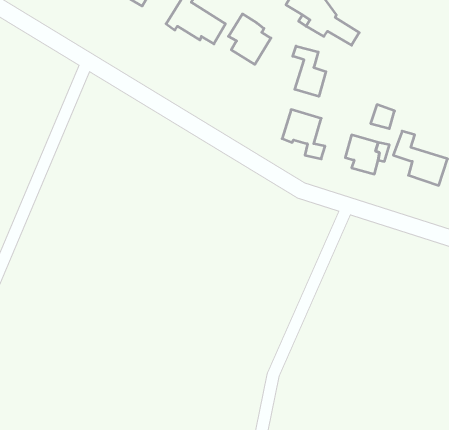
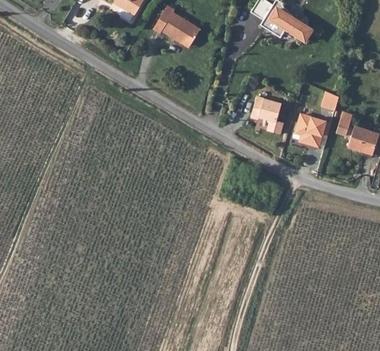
building: [228,14,271,64] -> none
building: [293,46,326,96] -> none

